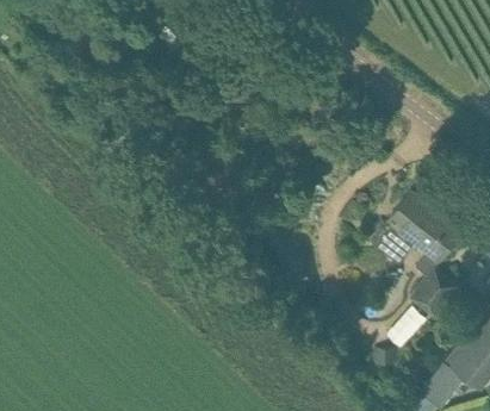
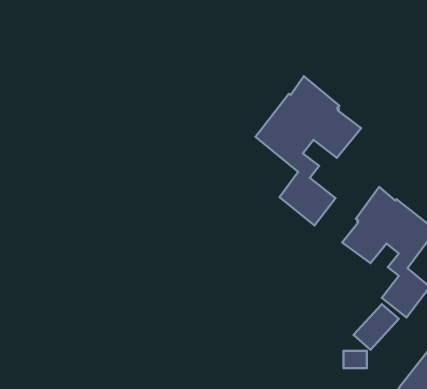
building: none -> [255,76,361,225]

